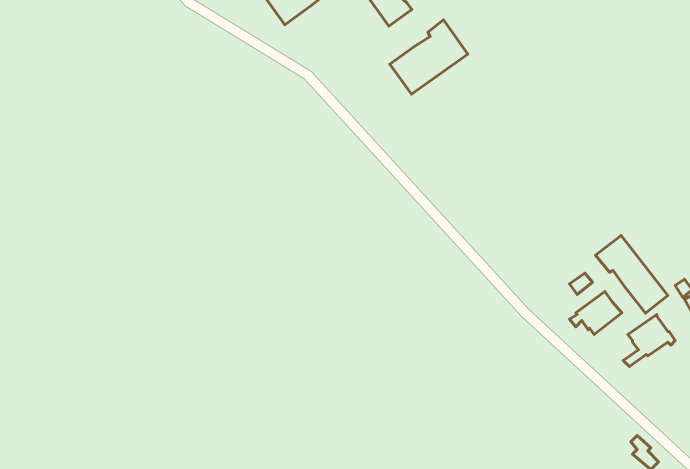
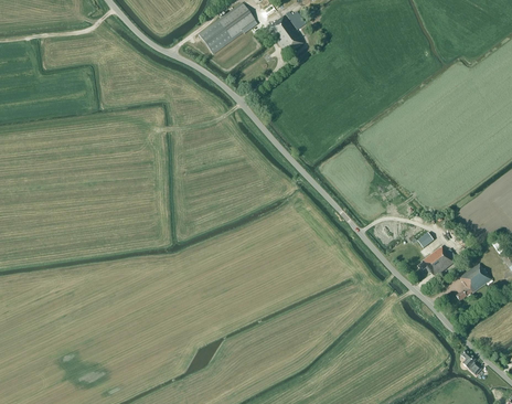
building: [390,20,468,94] -> none
building: [595,235,668,313] -> none

